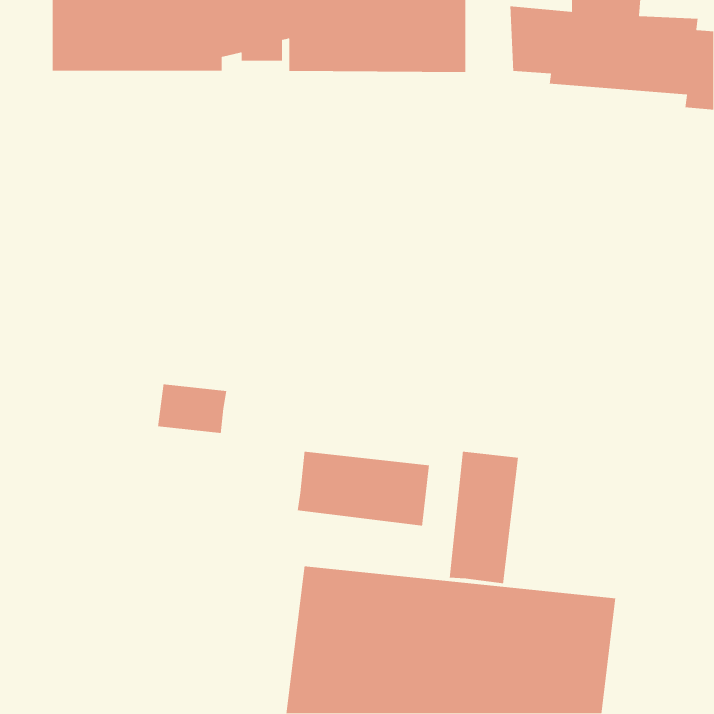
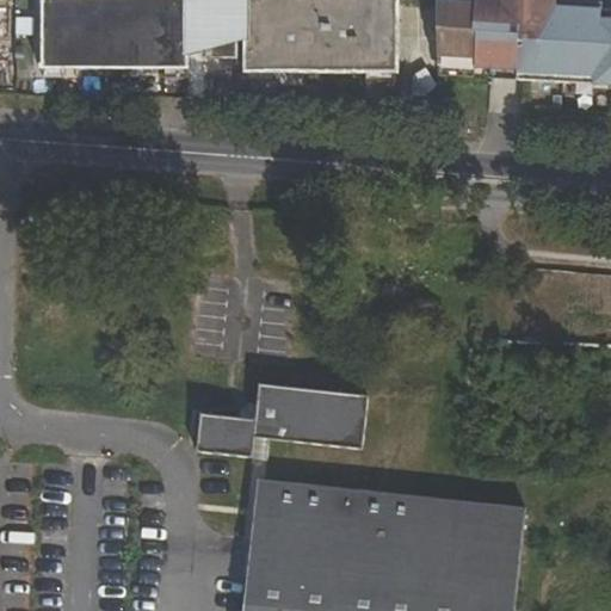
building: [157,383,227,434] -> [196,414,255,457]
building: [449,451,519,584] -> none

